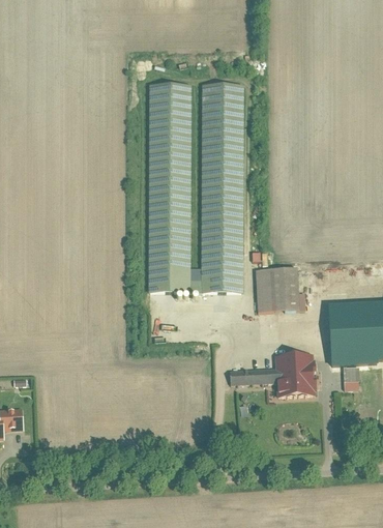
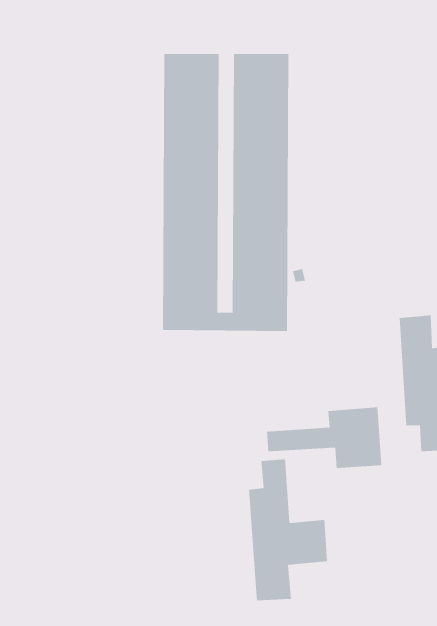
building: [255,268,301,313] -> none
building: none -> [249,459,328,601]

